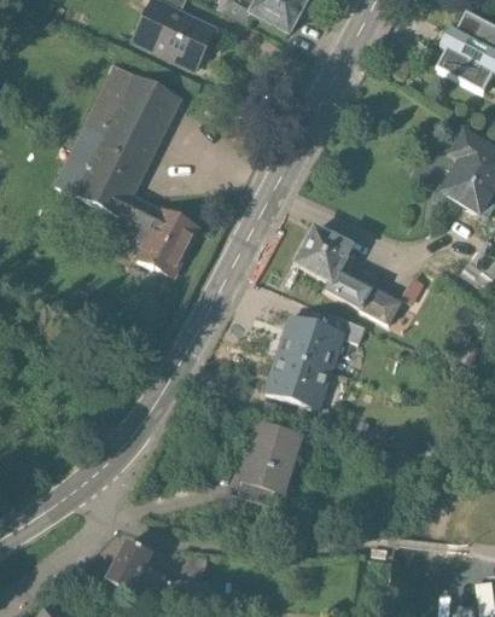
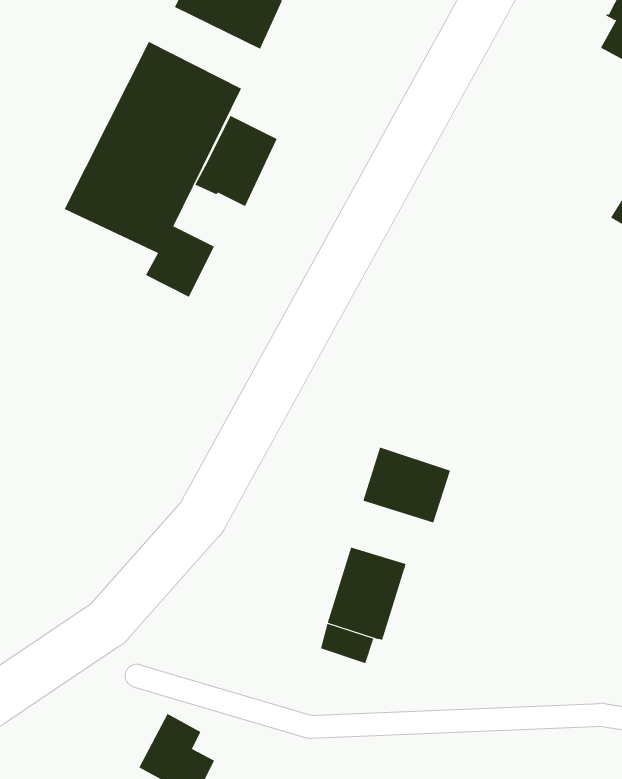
building: [136,208,196,273] -> [194,115,278,207]
building: [296,225,401,320] -> none
building: [279,313,342,367] -> none

